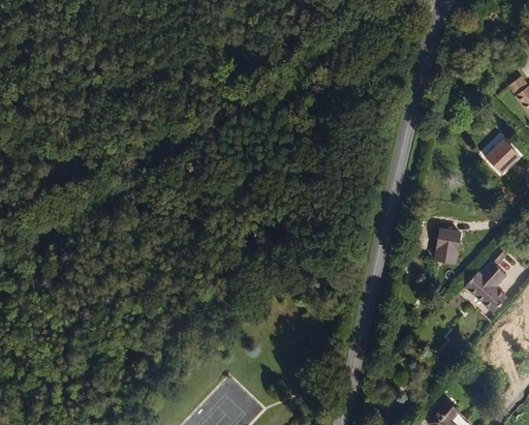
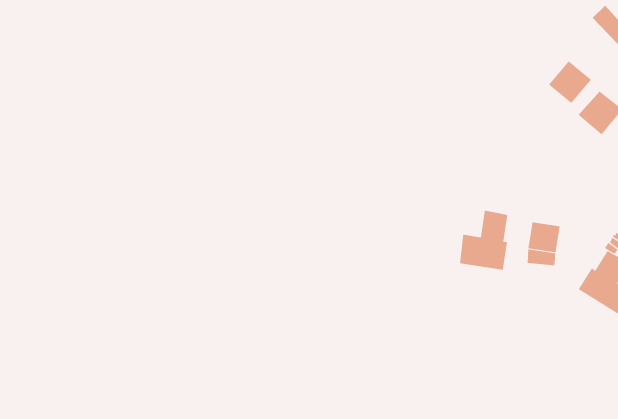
building: none -> [548,61,592,104]
building: none -> [459,210,508,270]

